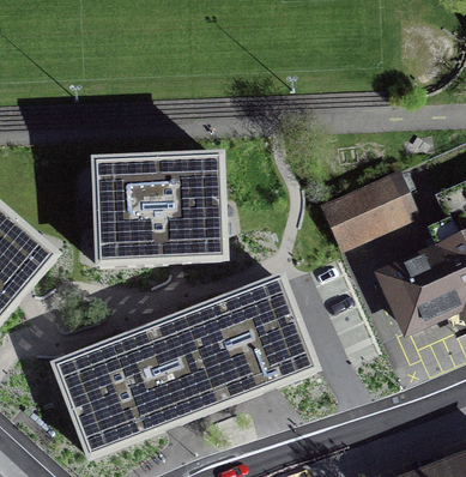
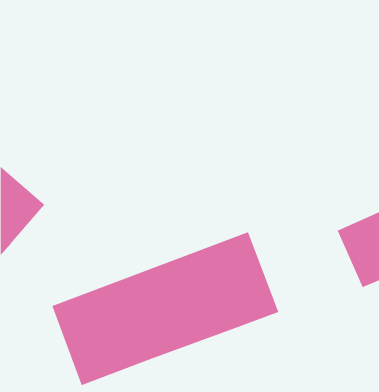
building: [95,159,223,260] -> none
building: [322,175,420,253] -> none

